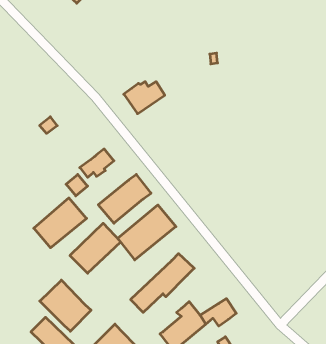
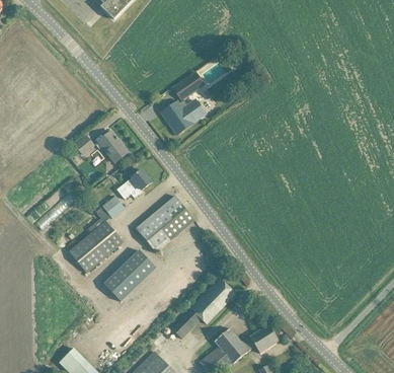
building: none -> [172,72,204,100]
building: none -> [97,132,127,163]
building: [118,205,176,260] -> none
building: [40,280,91,331] -> none

